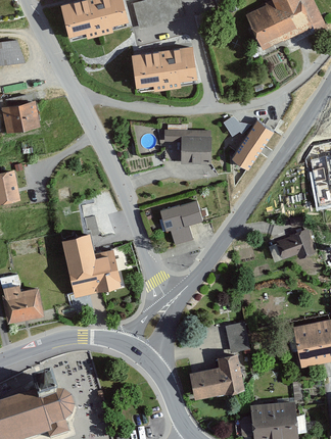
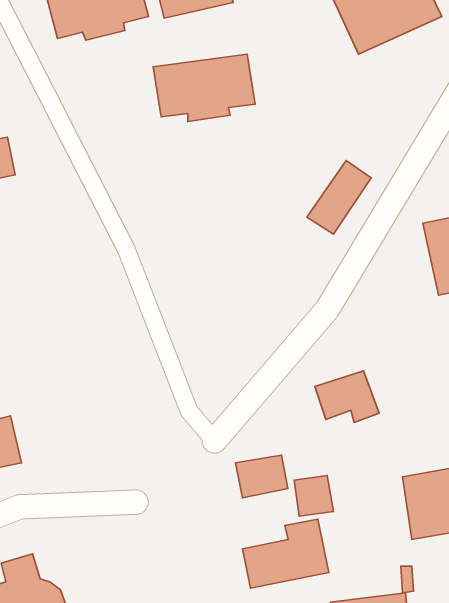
building: [163,127,212,159] -> none
building: [156,196,205,245] -> none
building: [274,225,316,258] -> [315,371,379,423]
building: [62,232,121,293] -> none
building: none -> [236,455,288,498]

